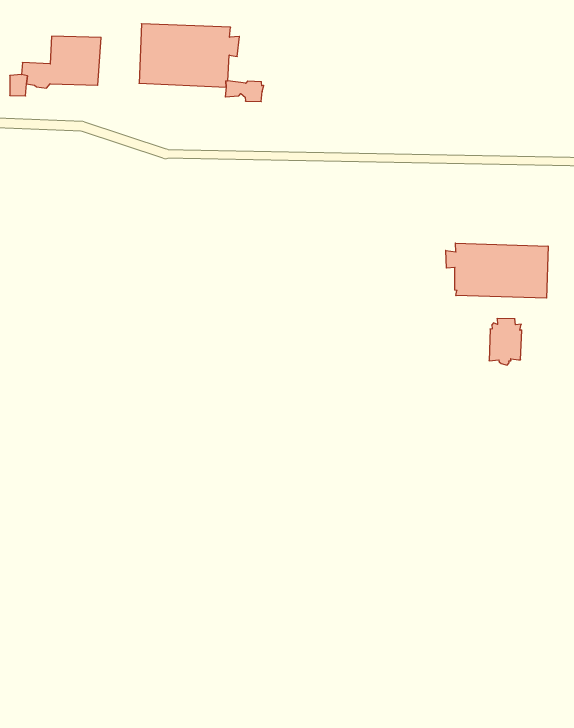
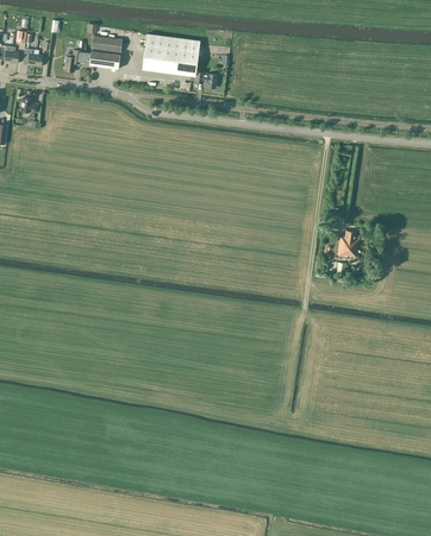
building: [446,243,548,298] -> none

